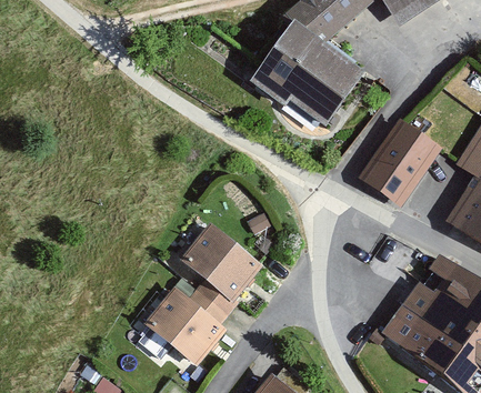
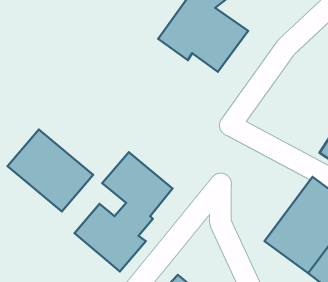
building: [364,124,437,204] -> none
building: none -> [8,130,93,211]

